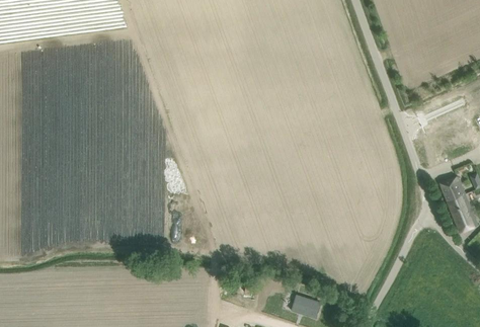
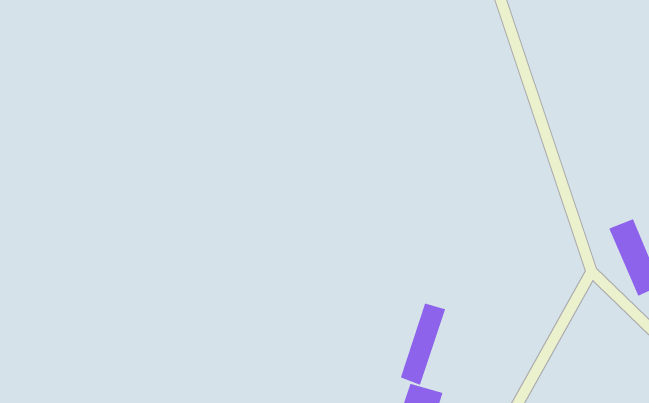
building: none -> [400,302,446,386]

